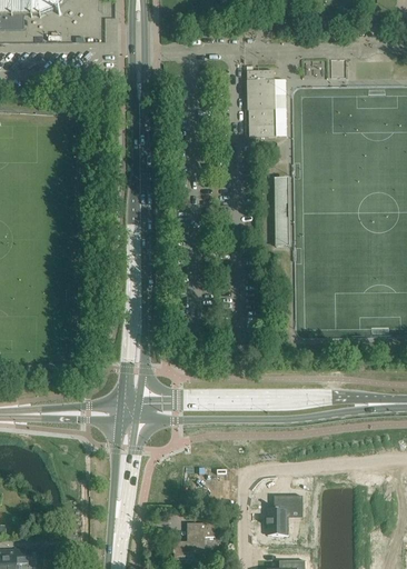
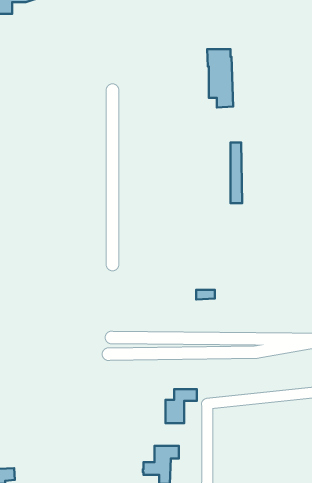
building: [268,495,304,533] -> [166,389,197,423]

